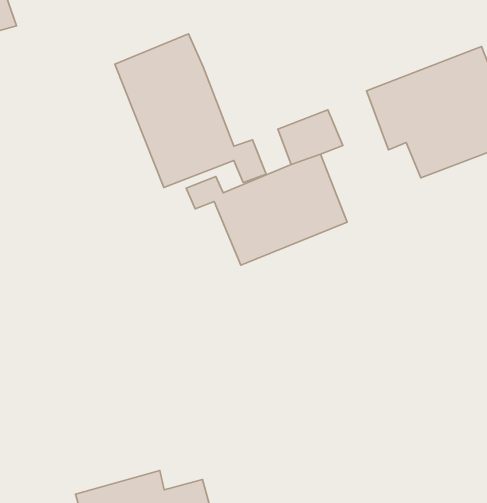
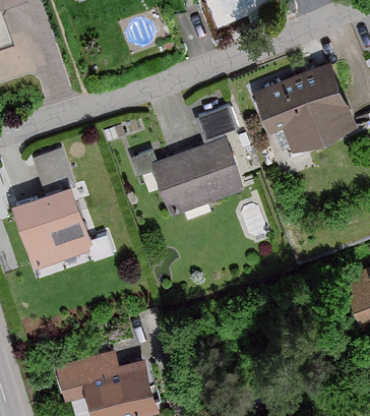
building: [115,34,266,187] -> none
building: none -> [11,150,88,266]

